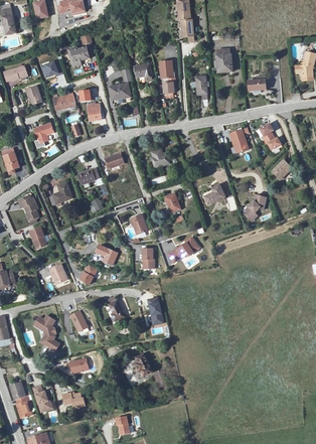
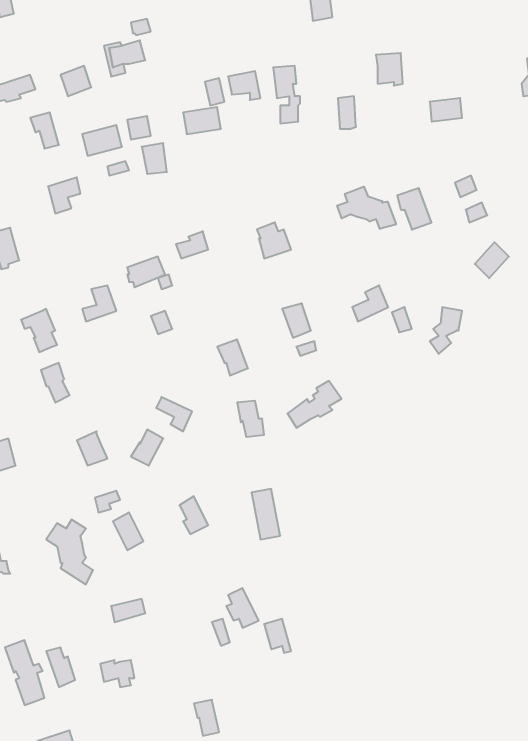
building: none -> [337,187,396,229]

